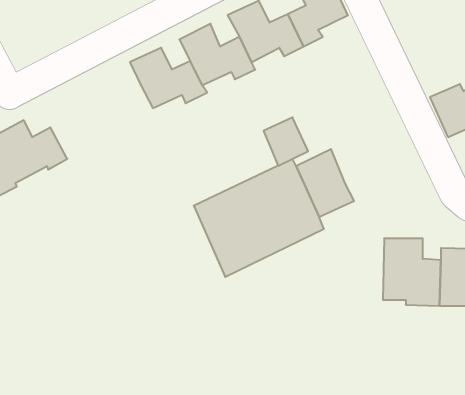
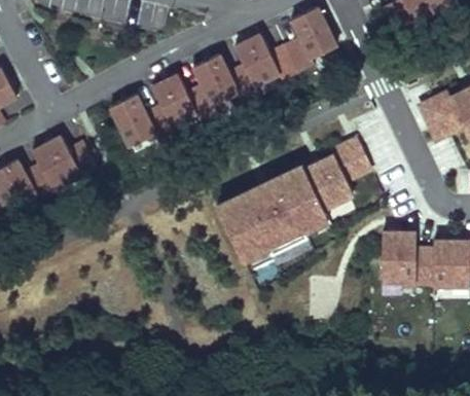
building: none -> [113,92,177,144]
building: [264,117,308,166] -> [325,147,363,188]

